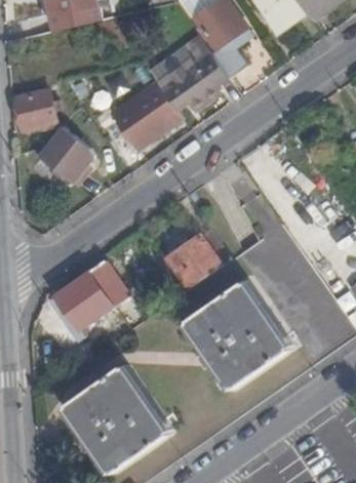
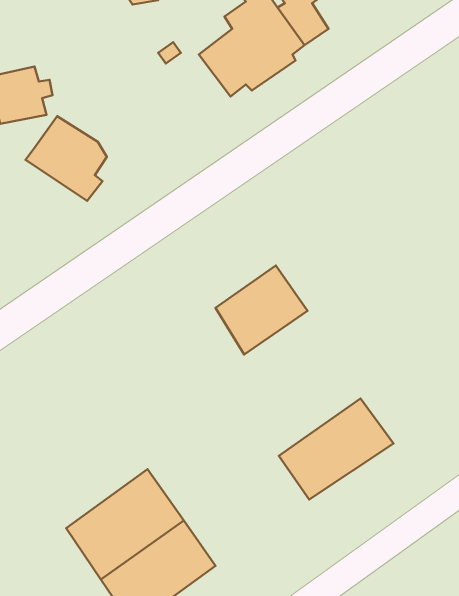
building: [112,86,179,148] -> none
building: [49,261,127,359] -> none
building: [185,282,266,357] -> none

